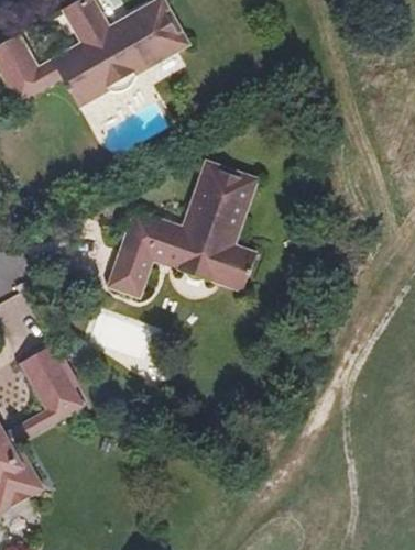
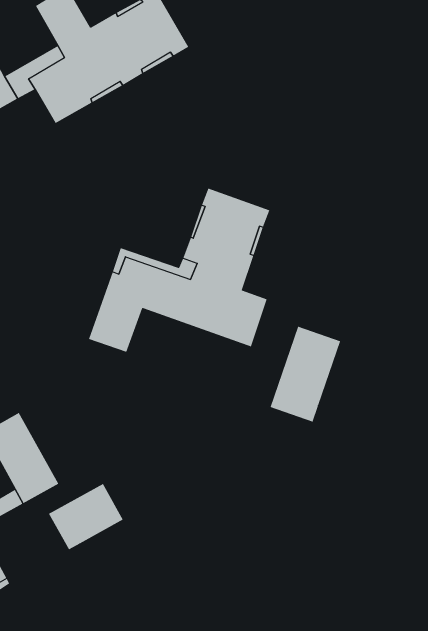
building: none -> [270,326,341,422]
building: none -> [48,483,123,550]

